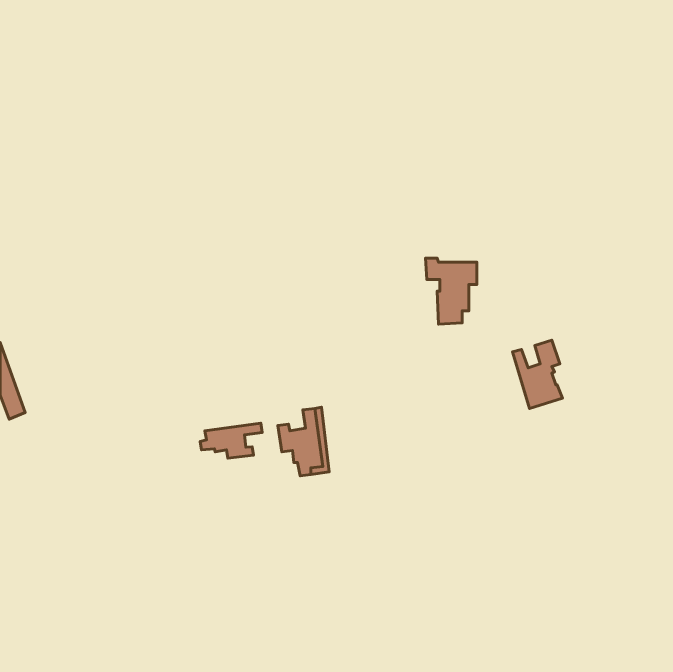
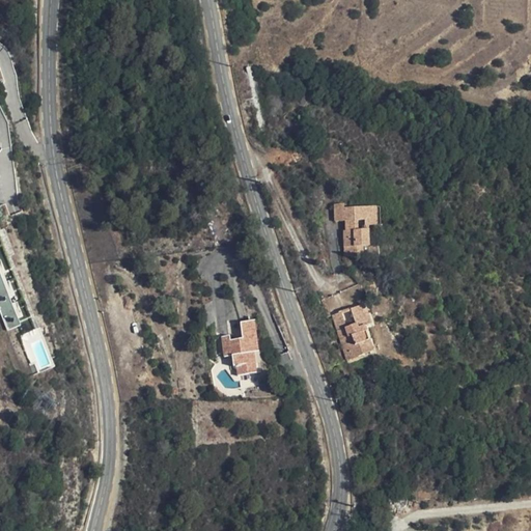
building: [512,340,562,409] -> [334,304,373,358]
building: [200,423,262,458] -> none

